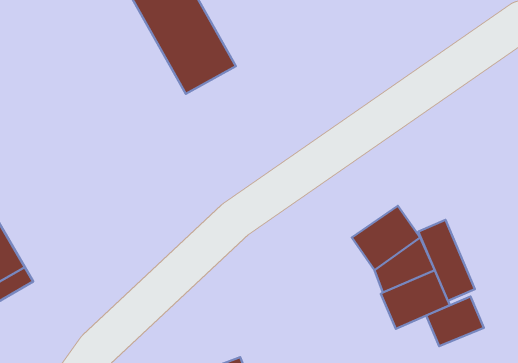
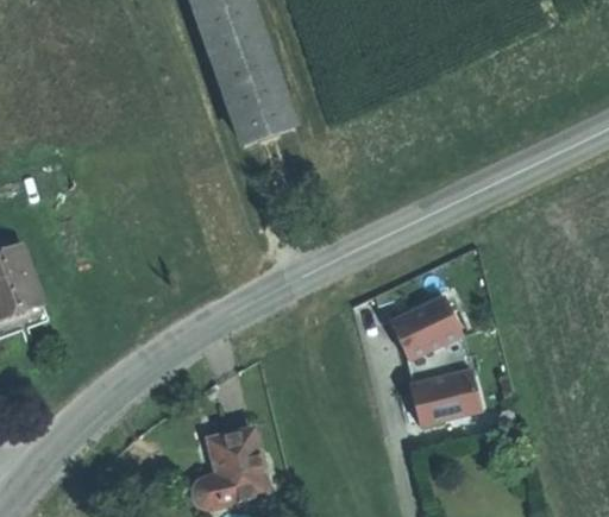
building: [419,220,475,301] -> none
building: [426,296,484,346] -> none

